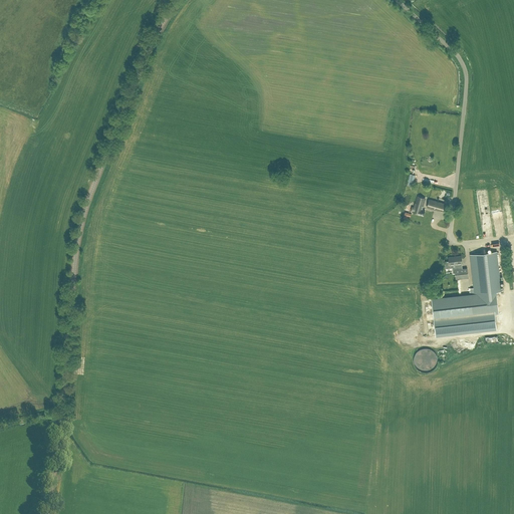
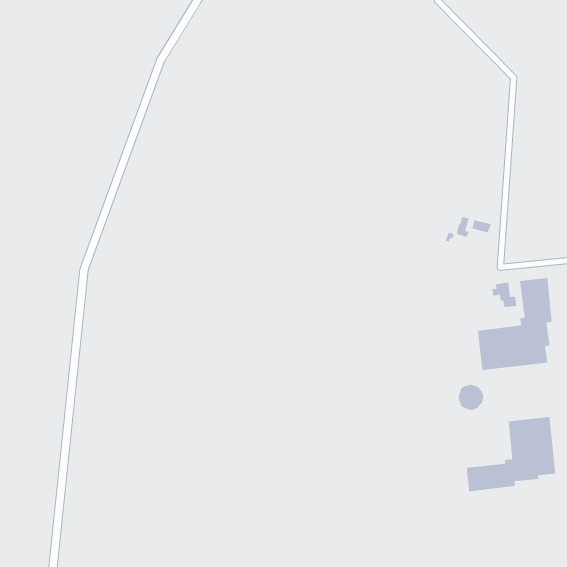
building: none -> [466,416,556,492]

